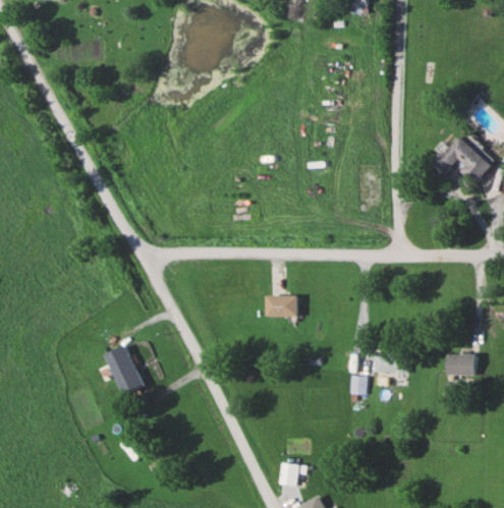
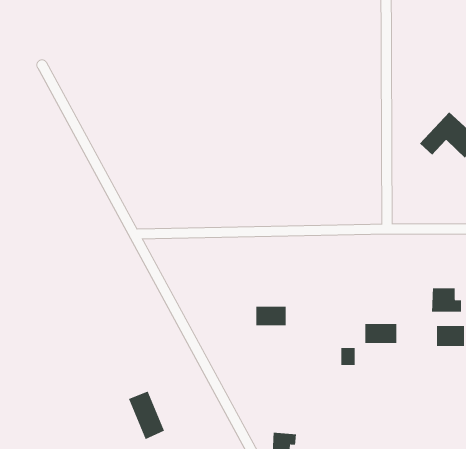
building: [265,295,296,316] -> [256,306,286,326]
building: none -> [432,287,462,313]
building: [105,346,143,396] -> [128,391,165,440]

